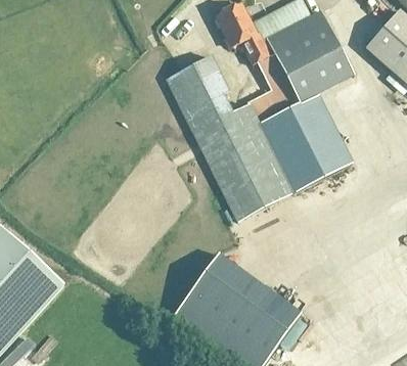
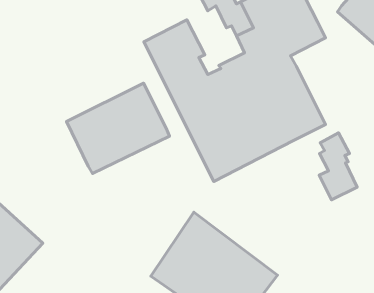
building: none -> [66,83,169,174]
building: none -> [319,133,357,200]

